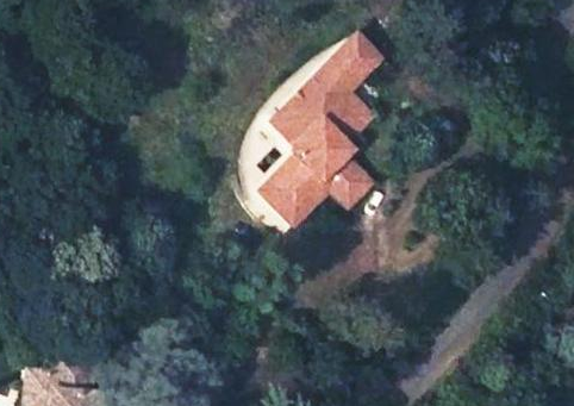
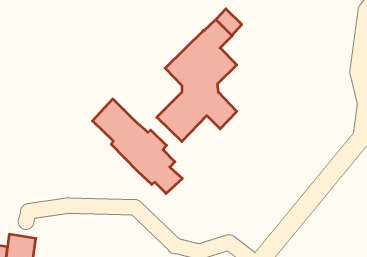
building: none -> [92,99,182,194]

